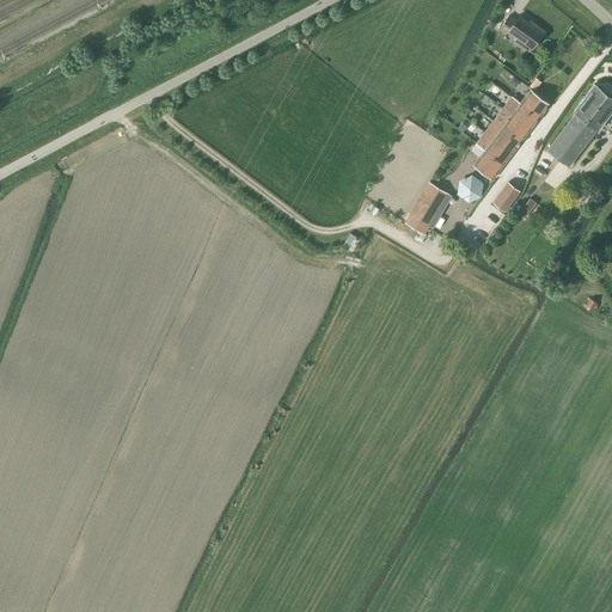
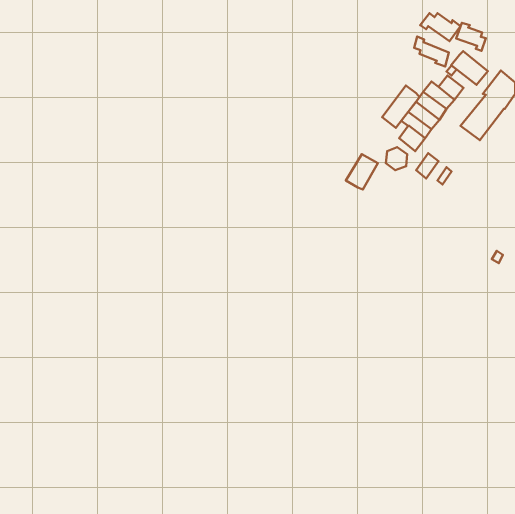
building: none -> [456,23,486,51]
building: none -> [414,37,449,66]
building: none -> [451,51,488,85]
building: none -> [382,85,419,128]

